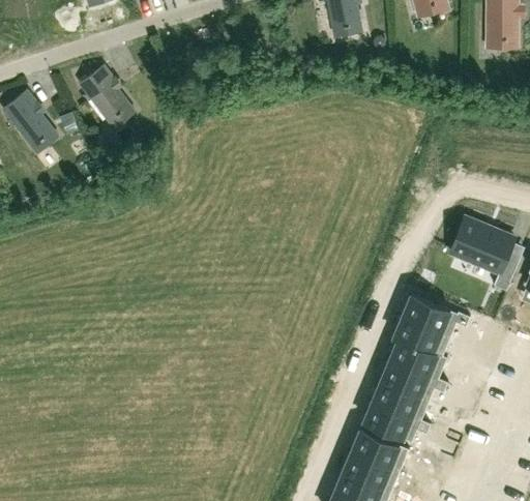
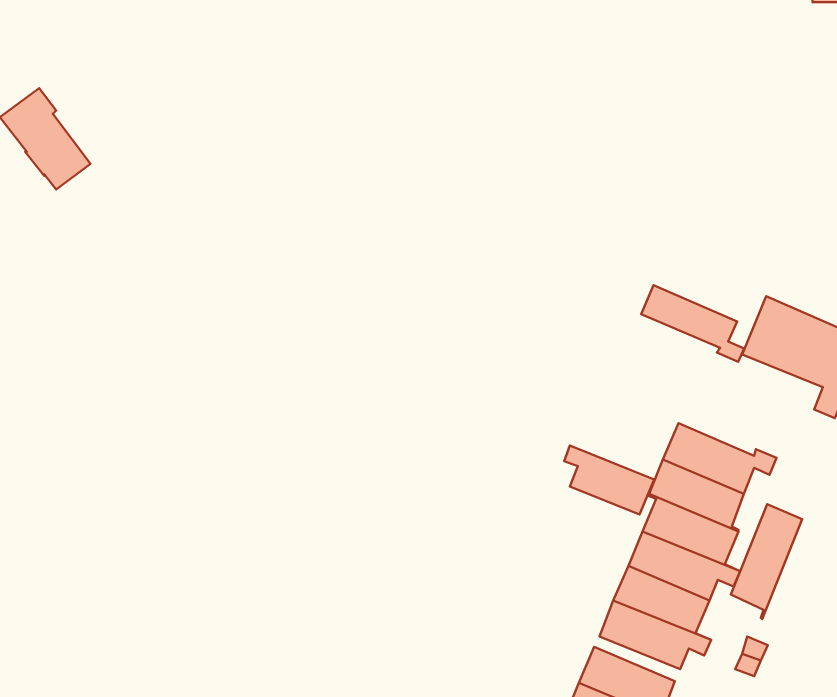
building: [80,66,134,127] -> none
building: none -> [641,285,744,362]
building: none -> [564,446,654,514]
building: none -> [731,504,802,619]

